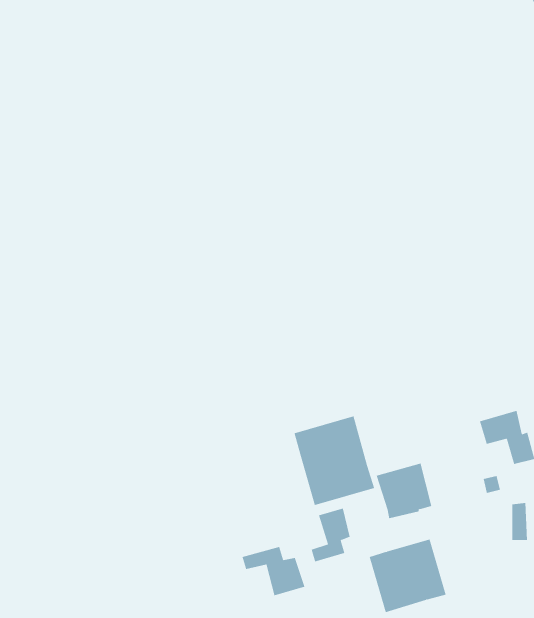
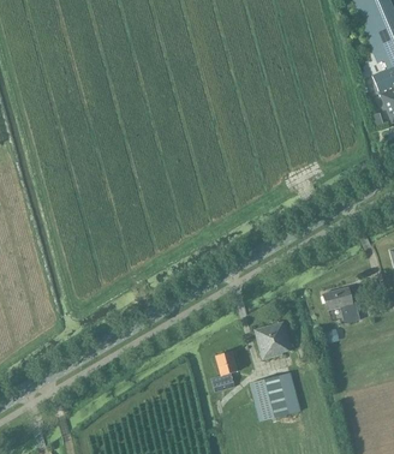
building: [294,416,375,506] -> none
building: [242,546,305,596] -> none

